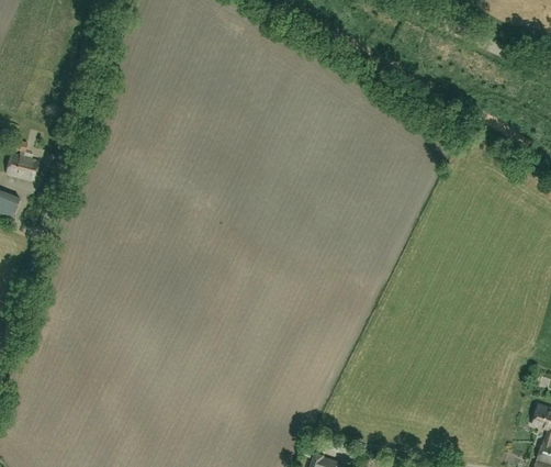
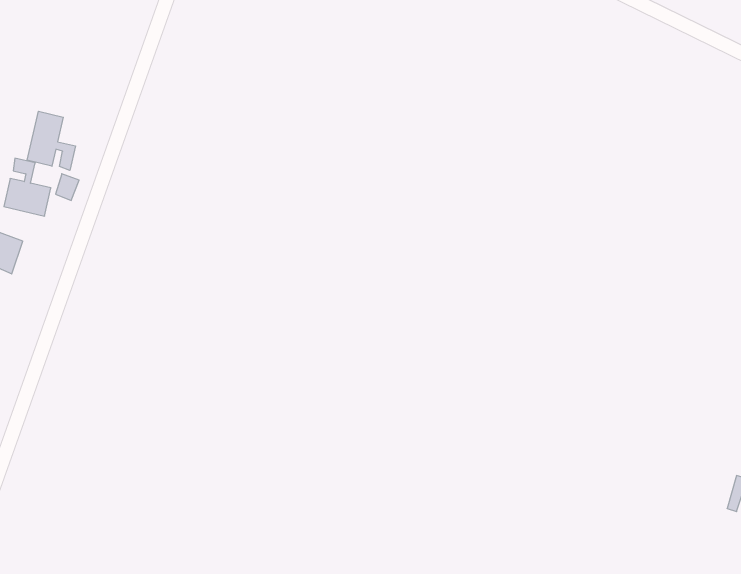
building: none -> [27,111,75,170]

